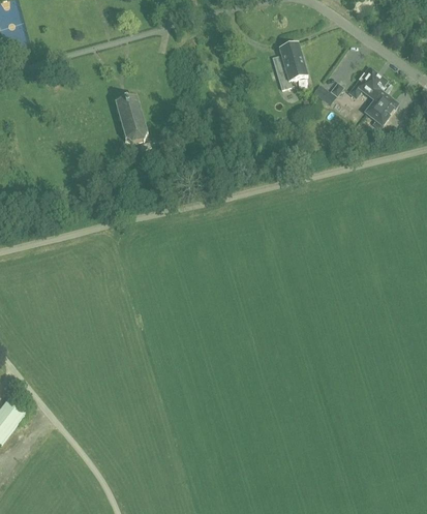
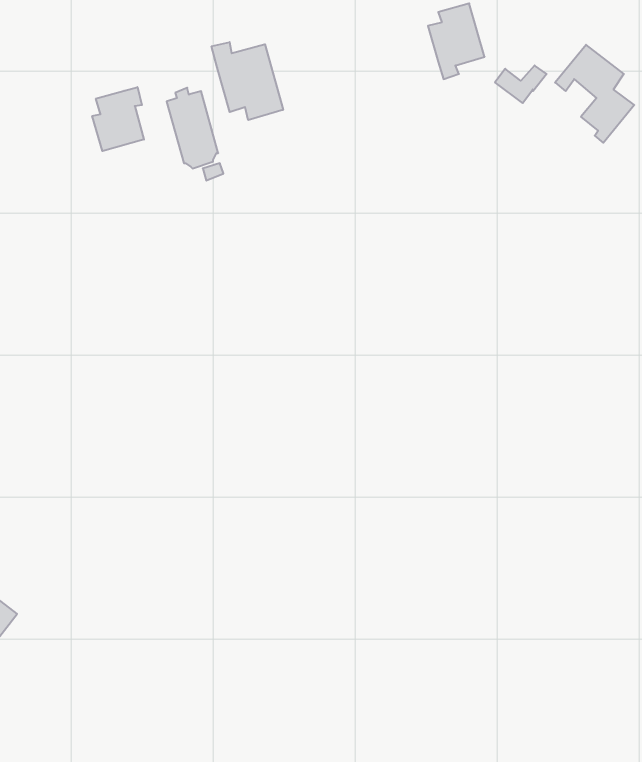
building: none -> [212,42,283,120]
building: none -> [92,87,144,151]

